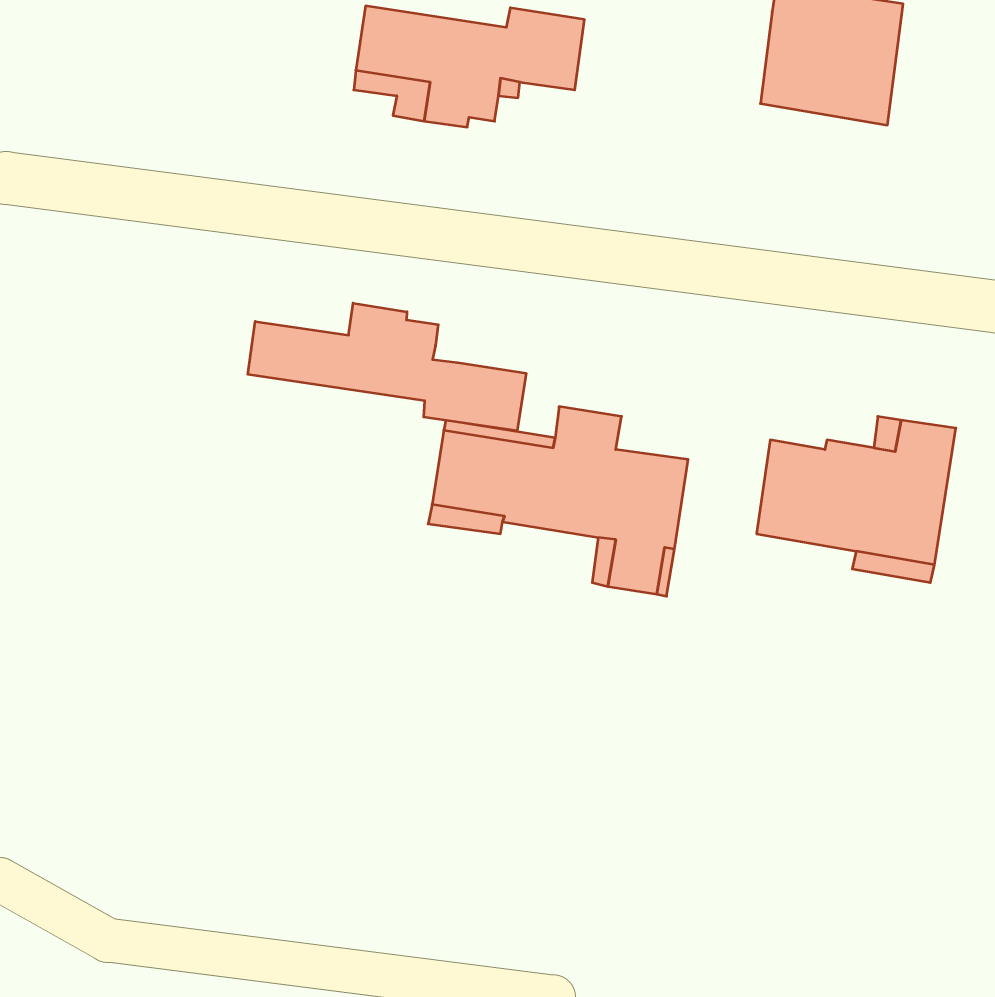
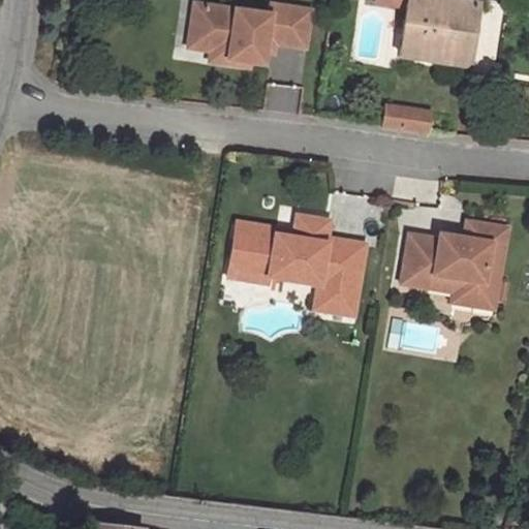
building: none -> [385,105,431,132]
building: [248,303,526,431] -> none

